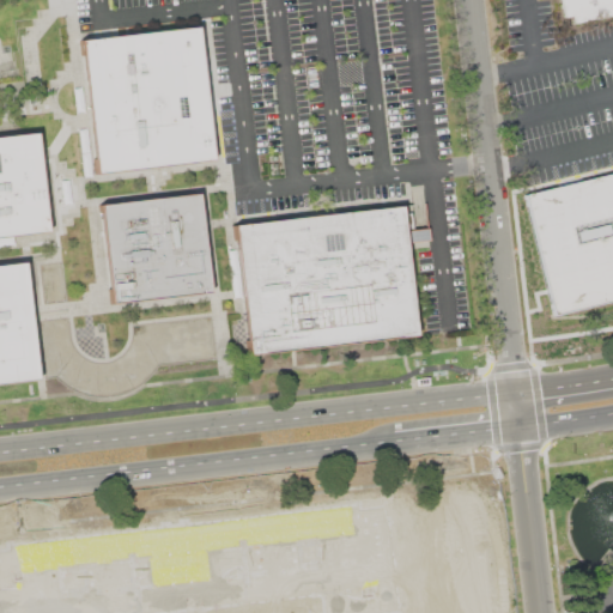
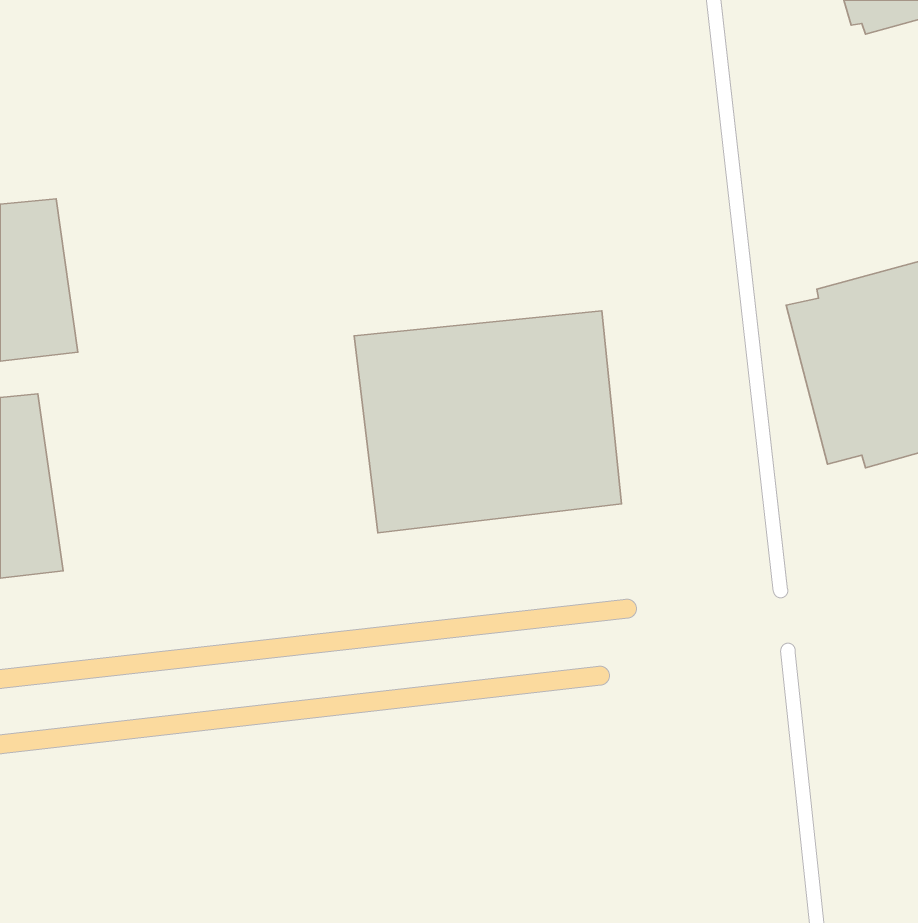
building: [84,28,219,171] -> none
building: [103,190,213,302] -> none

